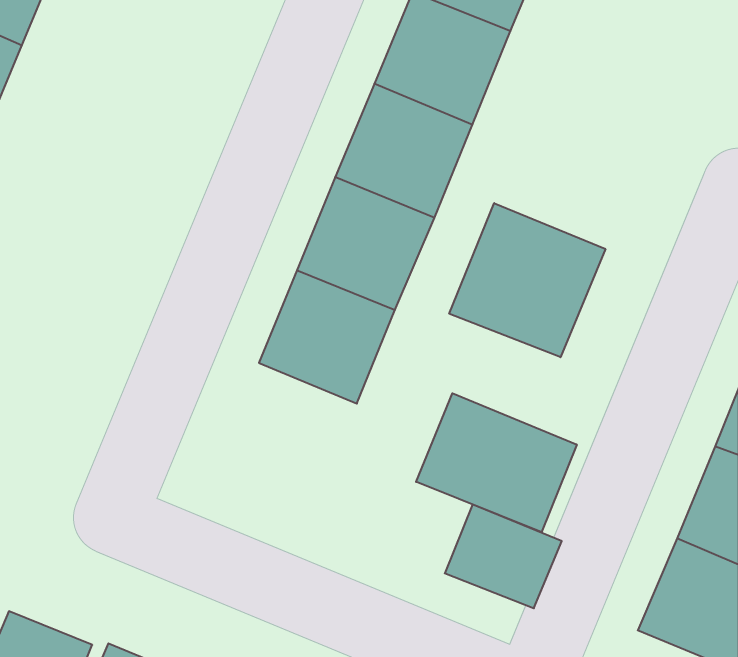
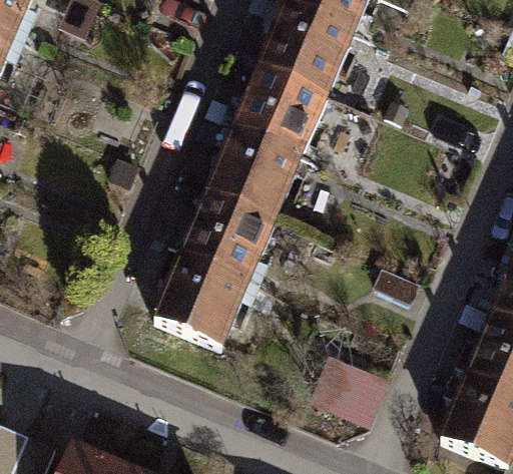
building: [449,203,605,357] -> none
building: none -> [154,256,248,348]
building: [416,393,577,532] -> none

